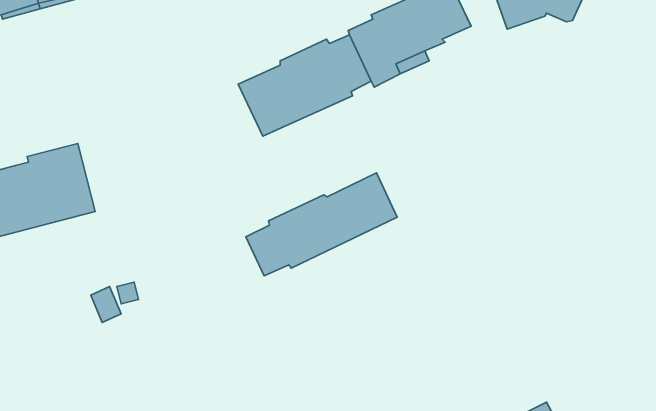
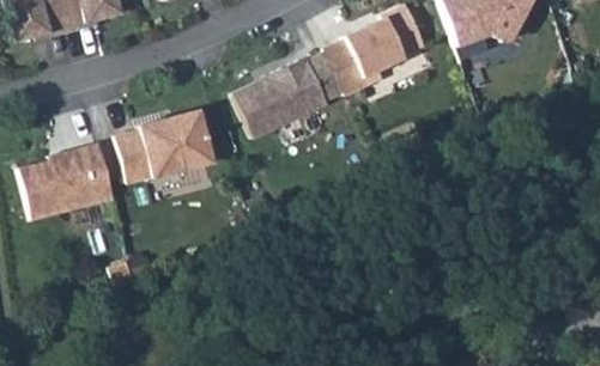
building: none -> [116,109,211,179]
building: [246,173,397,276] -> none

